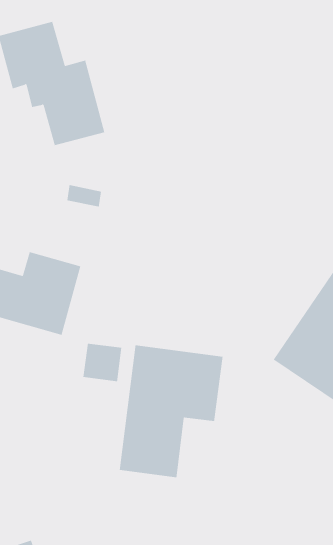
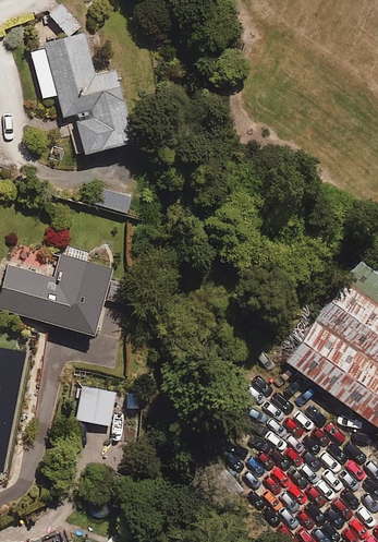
building: [83,343,122,382] -> [76,392,114,429]
building: [119,345,223,478] -> none

